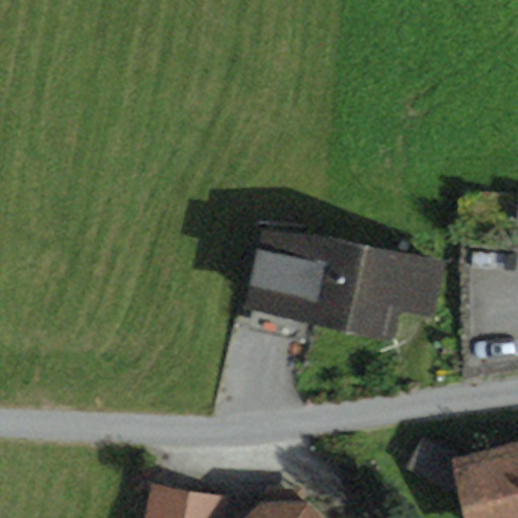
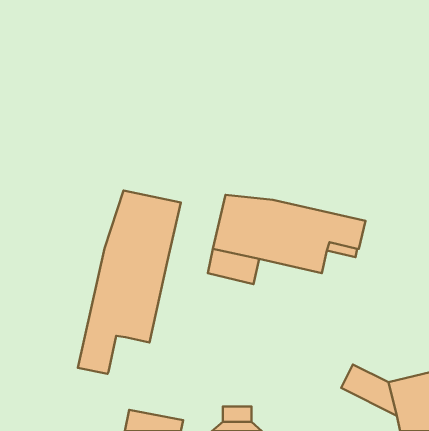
building: none -> [78,190,181,374]

